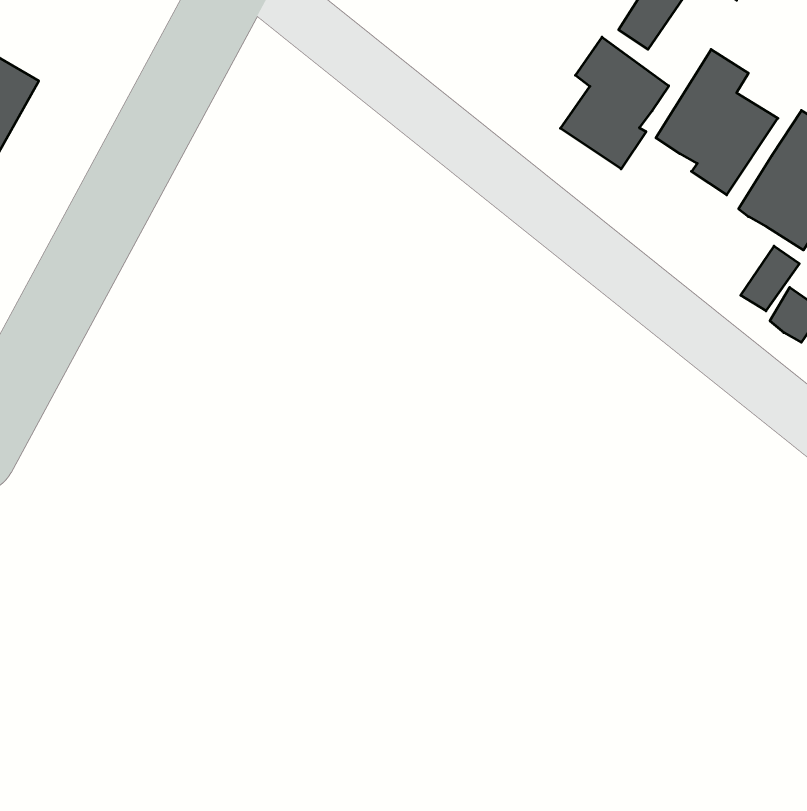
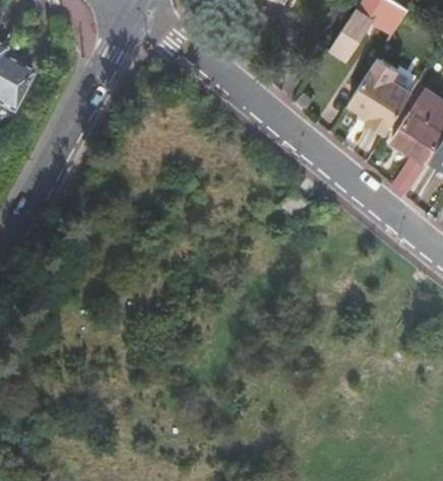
building: [560,37,669,169] -> none

